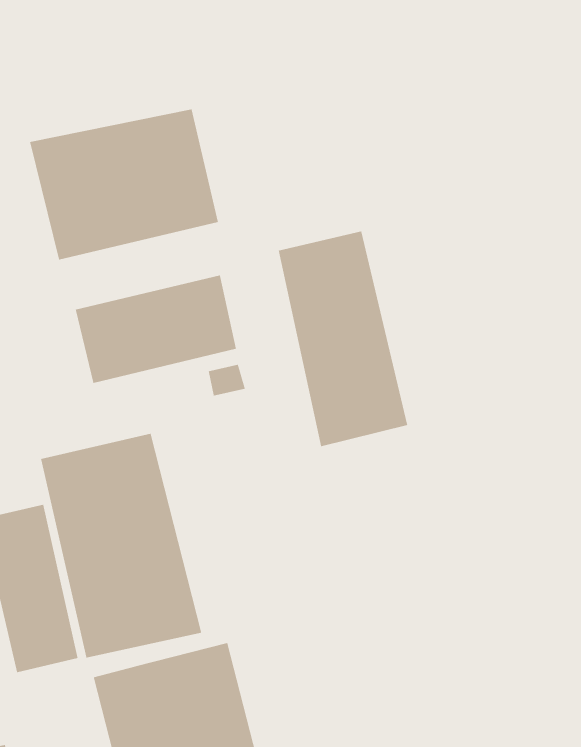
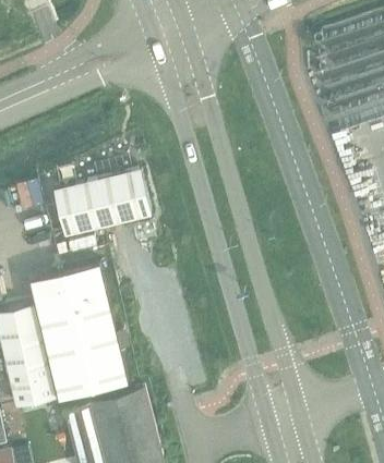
building: [29,108,219,261] -> none
building: [278,231,408,447] -> none

